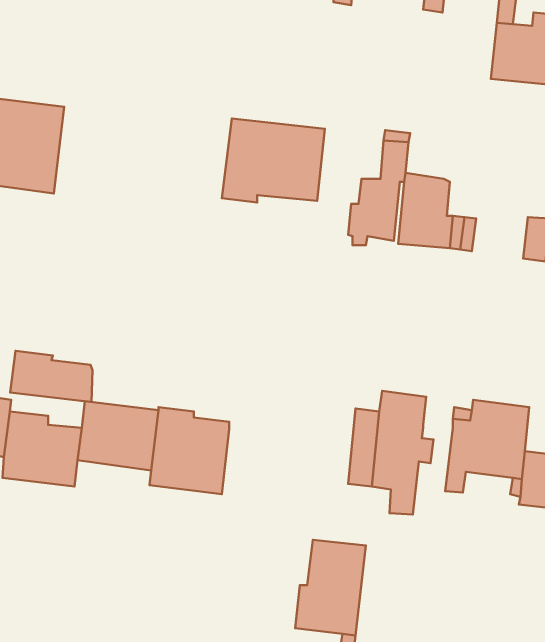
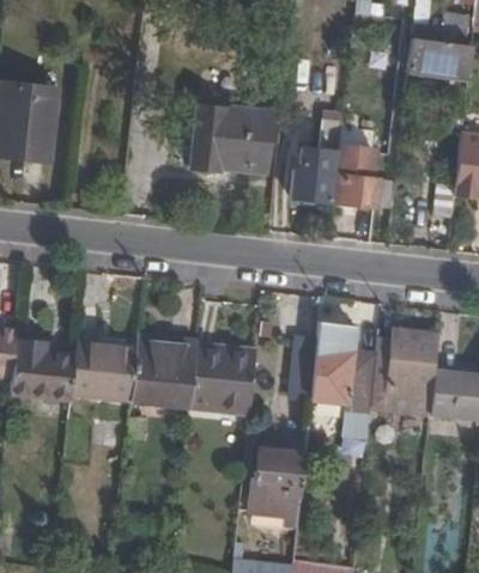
building: [10,351,93,402] -> none
building: none -> [189,349,256,415]
building: none -> [344,350,377,437]

